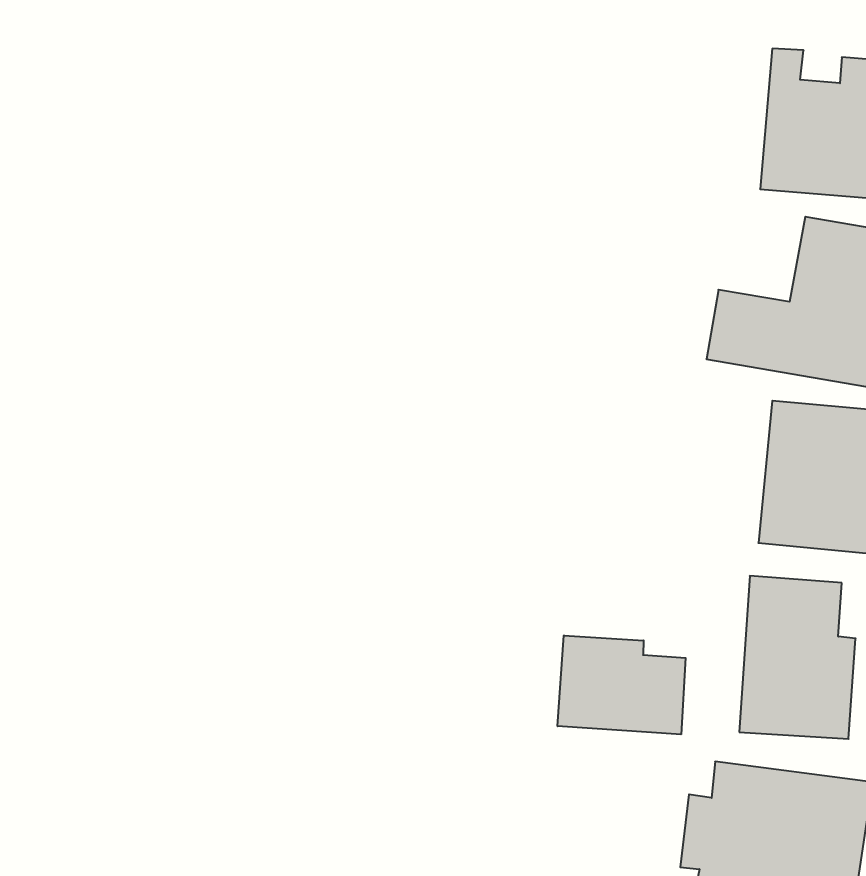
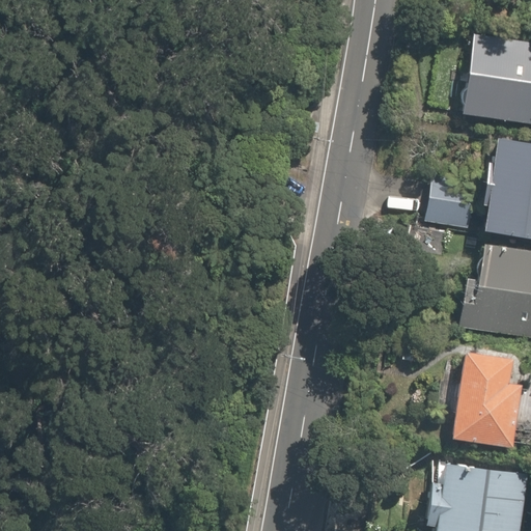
building: [558,635,686,734] -> none

